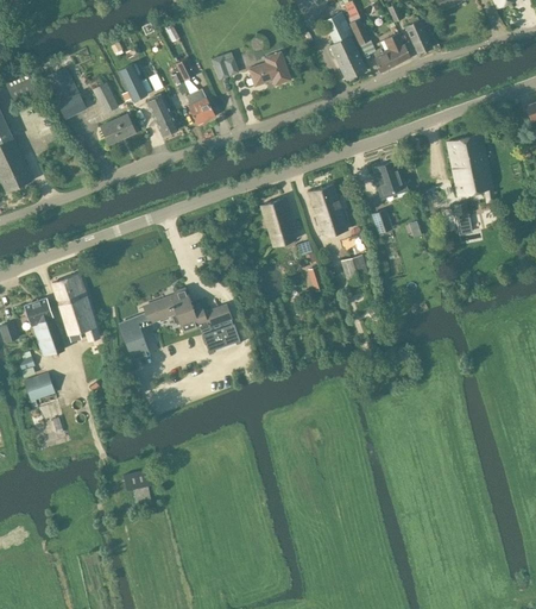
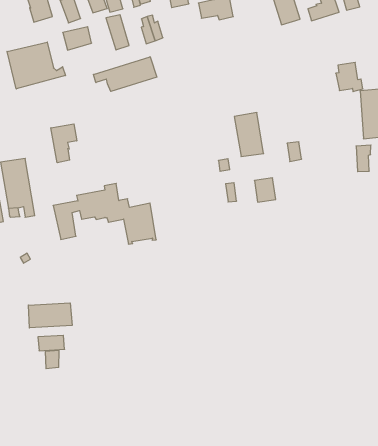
building: none -> [93,57,157,91]
building: none -> [7,42,65,89]
building: [373,162,406,196] -> [336,62,363,92]
building: [260,199,296,246] -> none
building: none -> [51,124,77,163]
building: none -> [28,303,72,328]

